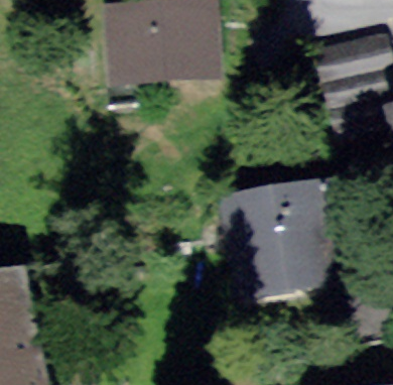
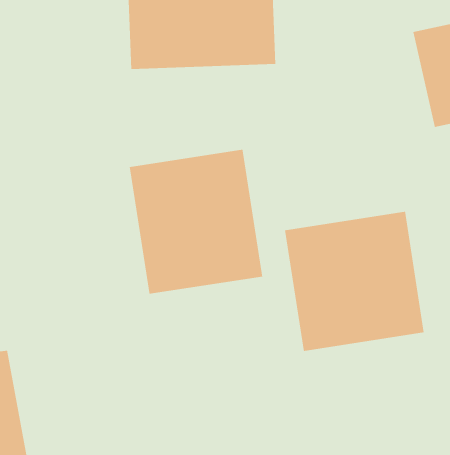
building: none -> [129,149,263,295]

